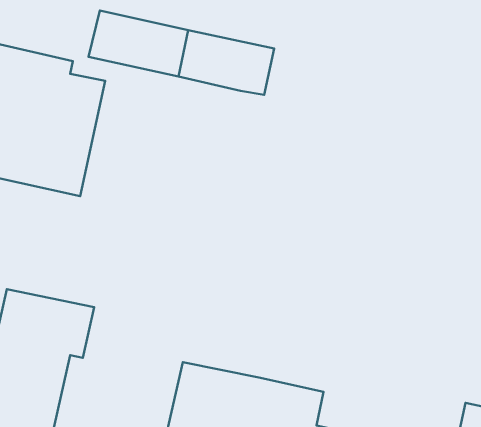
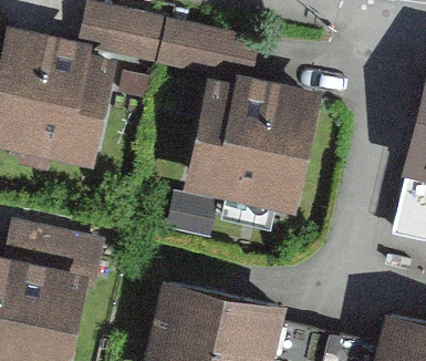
building: none -> [189,86,308,203]

